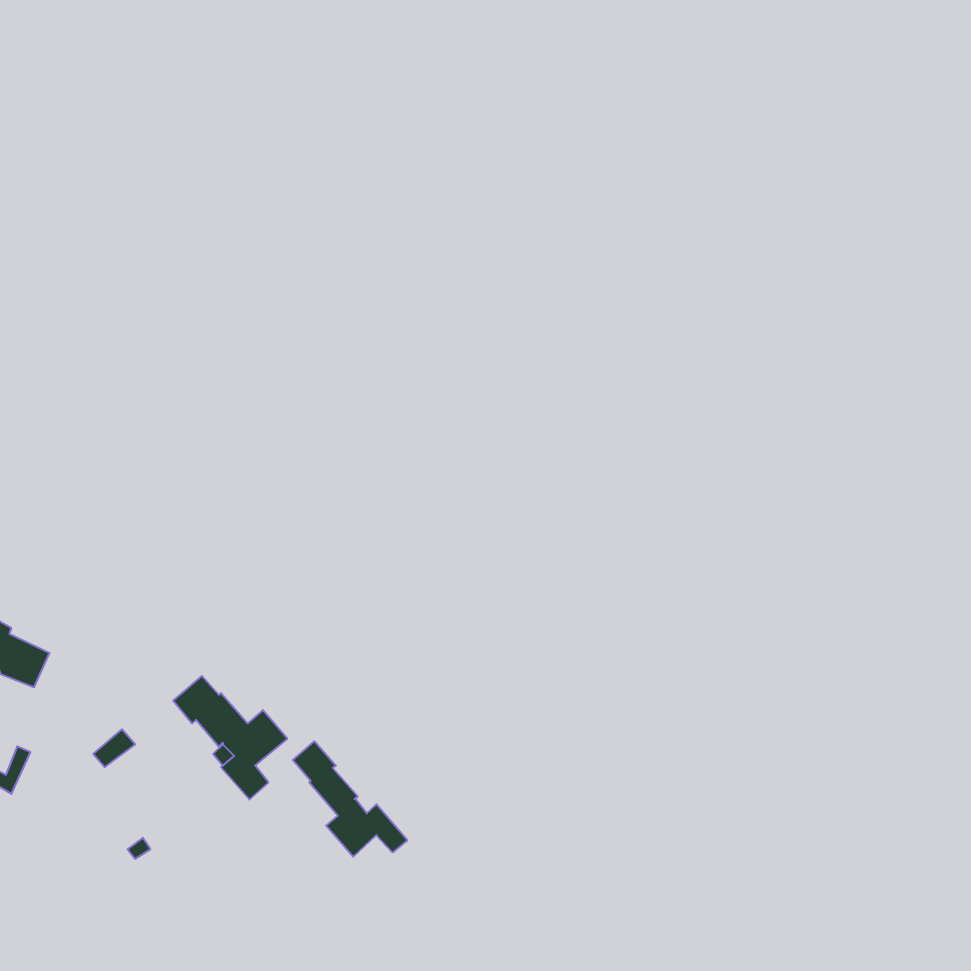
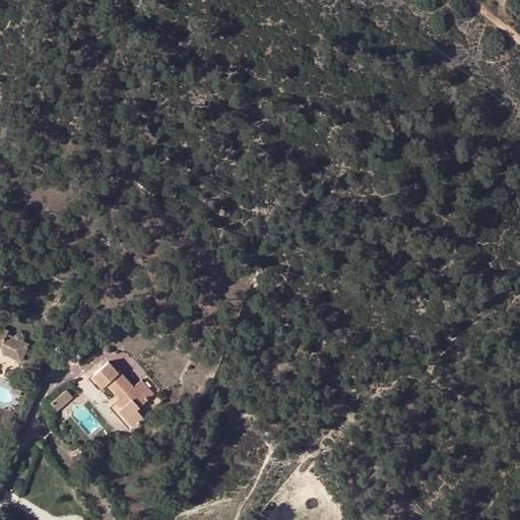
building: [293,741,407,857] -> none

